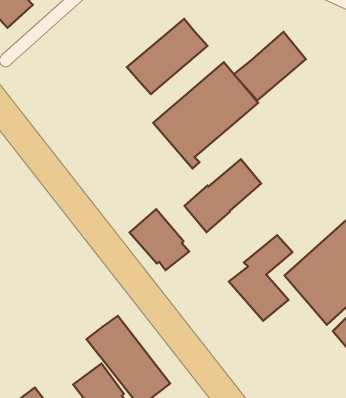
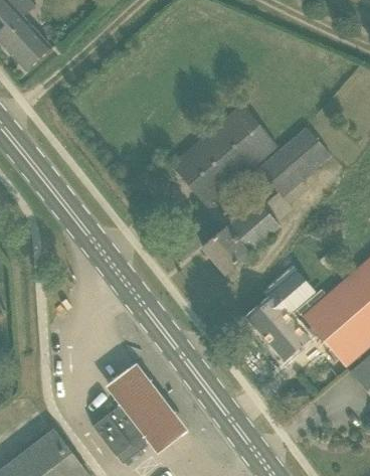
building: [127,19,207,94] -> none
building: [234,32,306,100] -> [258,128,330,196]
building: [129,209,189,270] -> none

